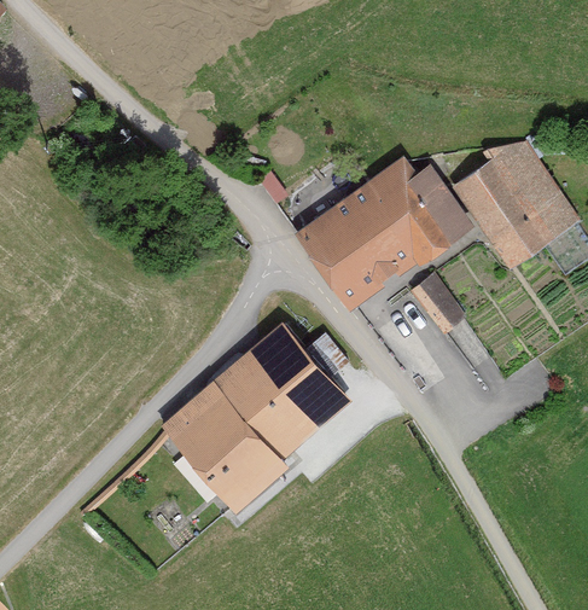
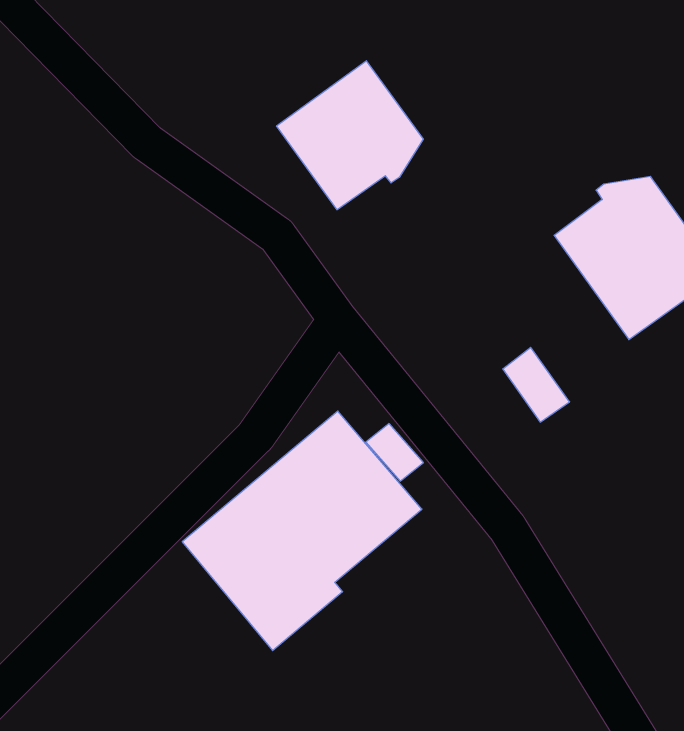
building: none -> [277,61,423,210]
building: [293,157,473,312] -> none

